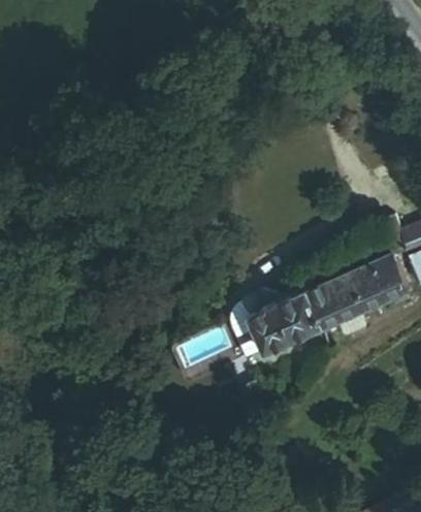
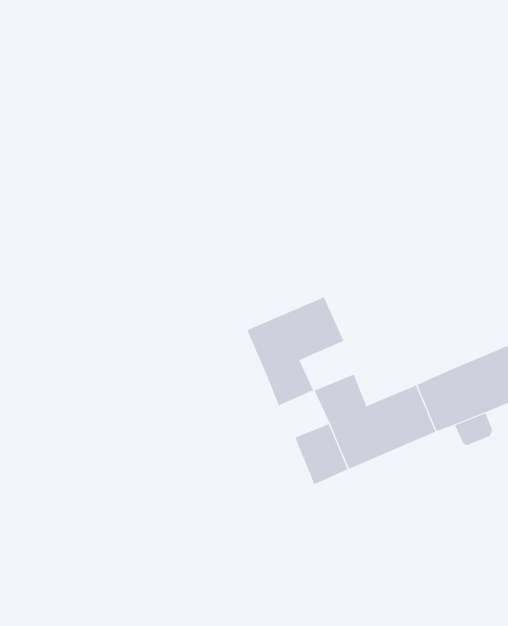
building: none -> [246,296,344,406]

